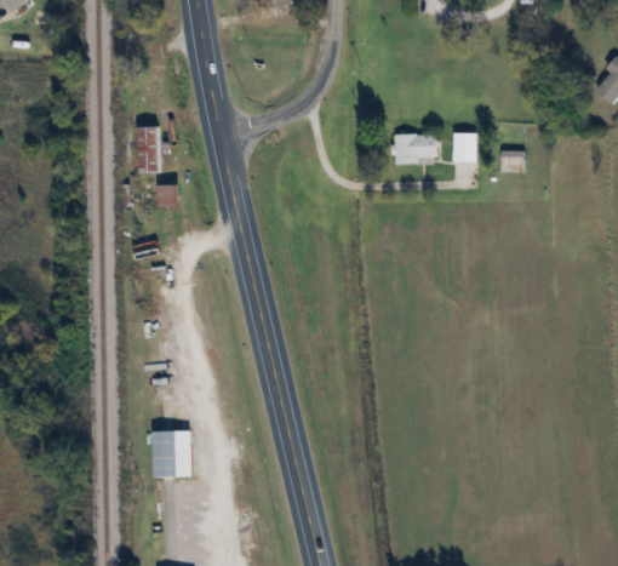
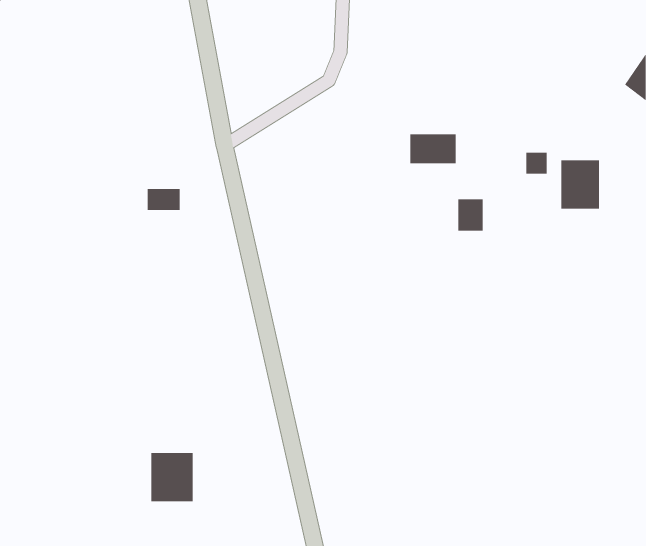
building: [137,127,160,173] -> none
building: [452,132,476,162] -> [457,199,484,231]
building: none -> [561,159,600,209]

